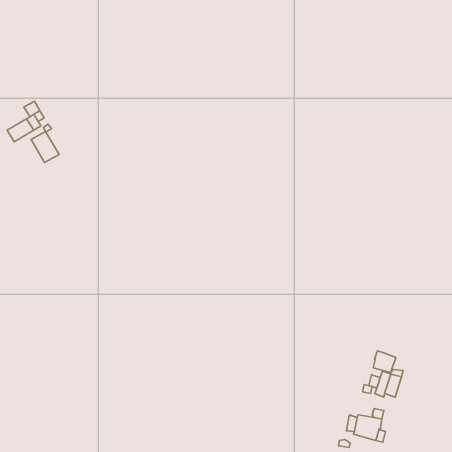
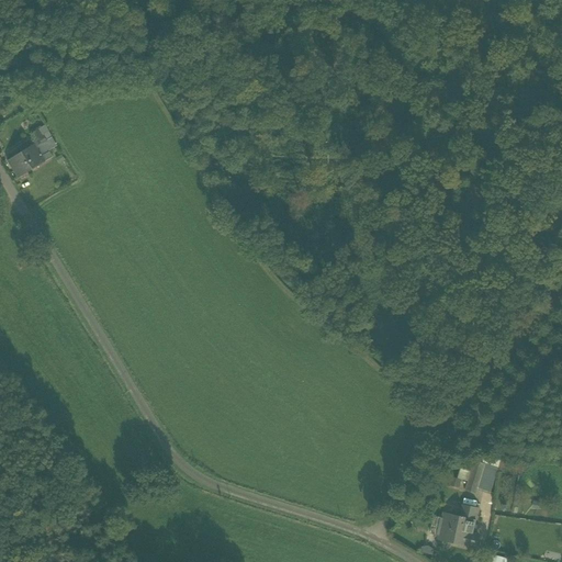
building: [31,131,59,163] -> none
building: [373,351,396,373] -> none

